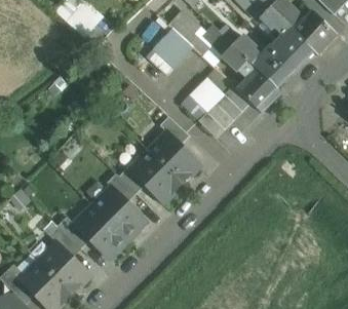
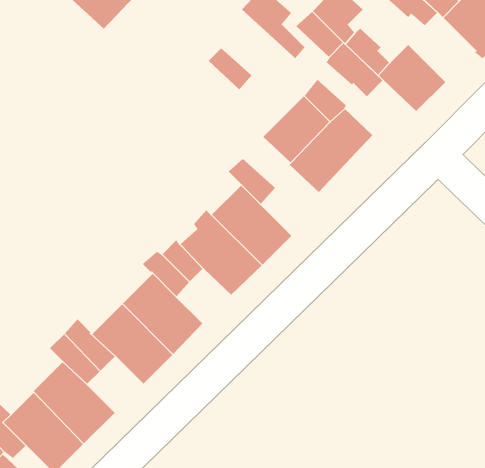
building: [272,26,314,69] -> none
building: [156,28,193,65] -> none
building: [237,68,281,112] -> none

